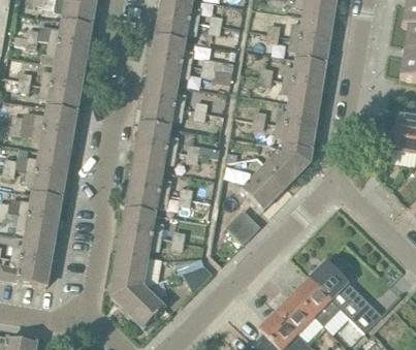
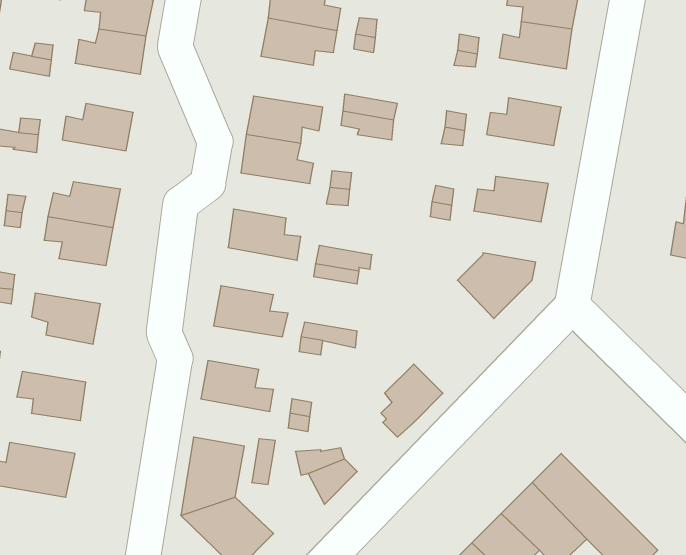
building: [152,35,194,64] -> none
building: [289,36,329,64] -> none
building: [41,39,88,67] -> none
building: [282,79,322,107] -> none
building: [39,83,79,110] -> none
building: [140,101,184,127] -> none
building: [275,123,315,152] -> none
building: [133,144,177,170] -> none
building: [28,150,68,176] -> none
building: [242,162,288,209] -> none
building: [126,188,168,213] -> none
building: [21,193,61,220] -> none
building: [118,229,161,256] -> none
building: [13,237,54,260] -> none

